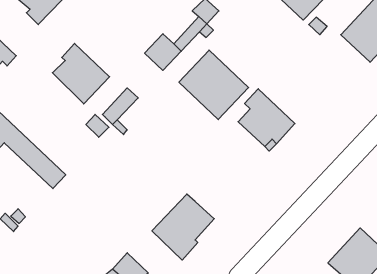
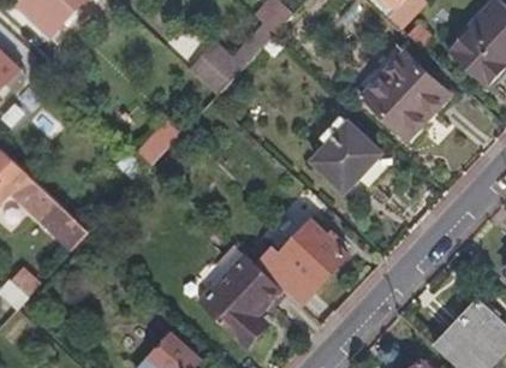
building: [52,43,110,104] -> none
building: [179,50,249,120] -> [356,46,447,137]
building: none -> [257,221,345,304]

